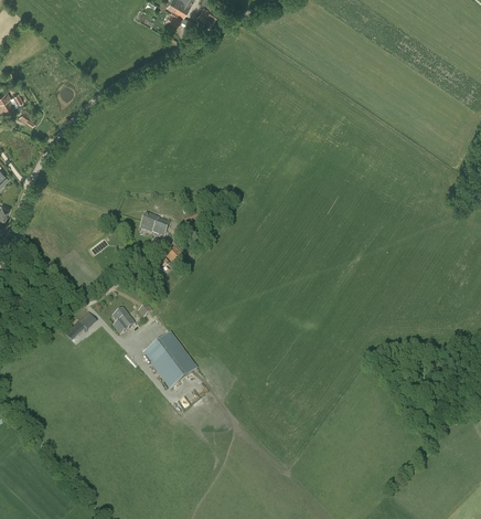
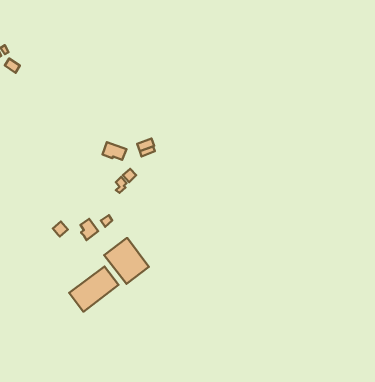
building: none -> [69,266,119,311]

